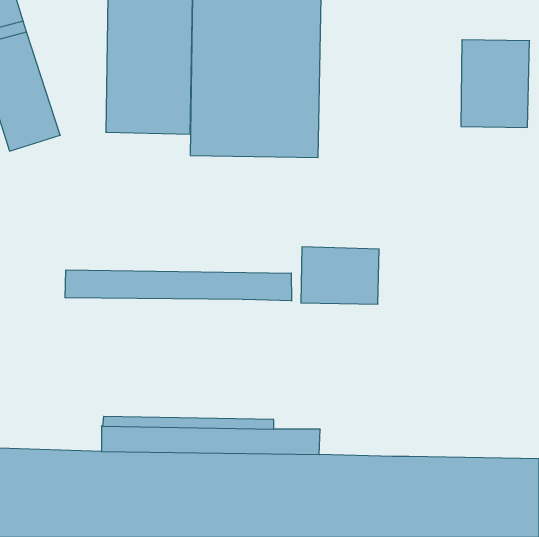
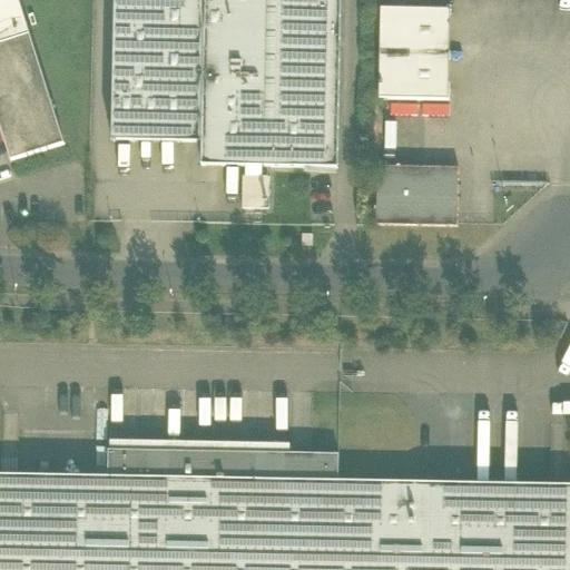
building: [461,40,530,127] -> [377,7,450,99]
building: [301,247,379,304] -> [375,165,458,225]
building: [65,270,292,301] -> none

